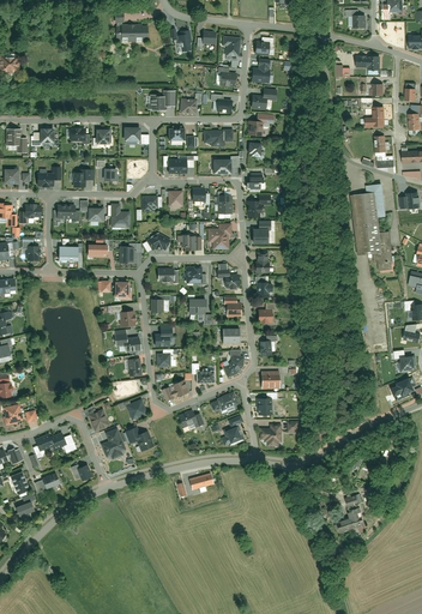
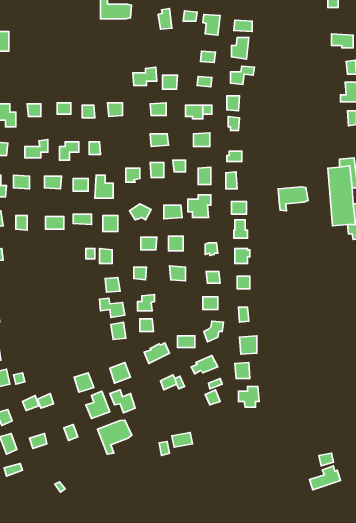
building: none -> [278,187,308,211]
building: none -> [98,420,132,454]

